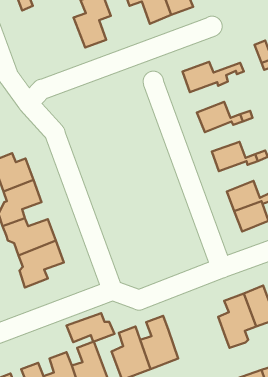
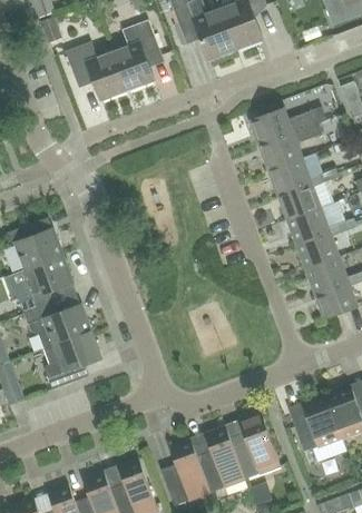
building: none -> [65,41,127,99]
building: none -> [258,118,322,170]
building: none -> [277,181,321,219]
building: none -> [295,231,339,269]
building: none -> [232,412,281,479]
building: [66,313,115,342] -> none

